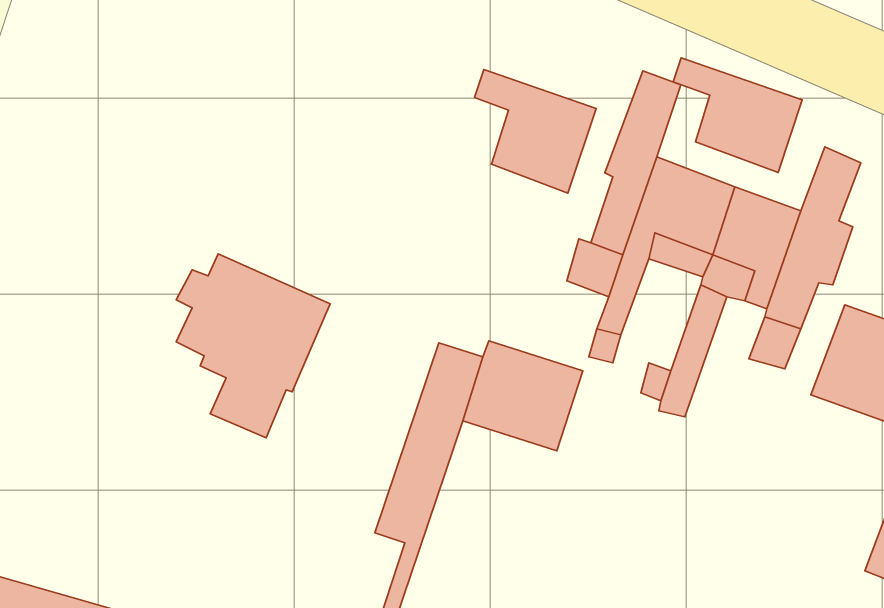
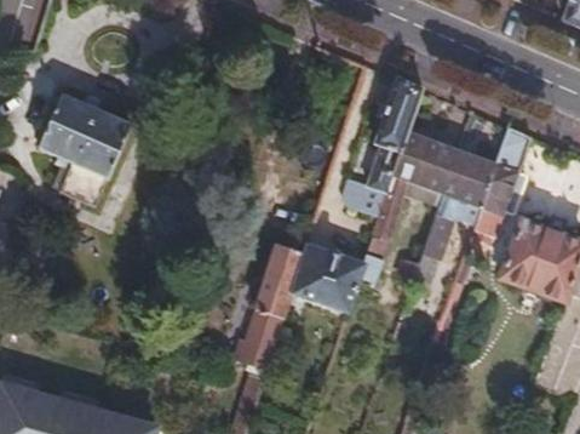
building: [673,58,802,172] -> none
building: [475,69,596,193] -> none
building: [176,254,330,438] -> [38,93,131,205]

